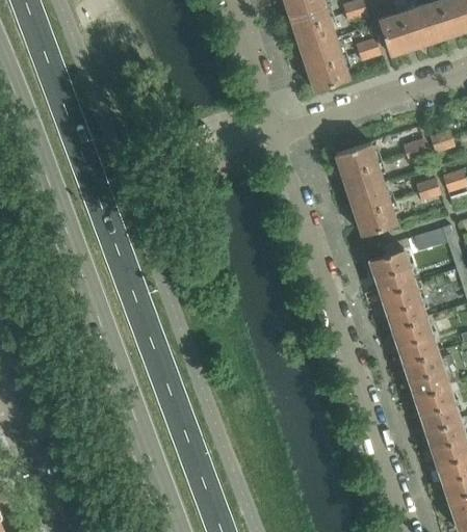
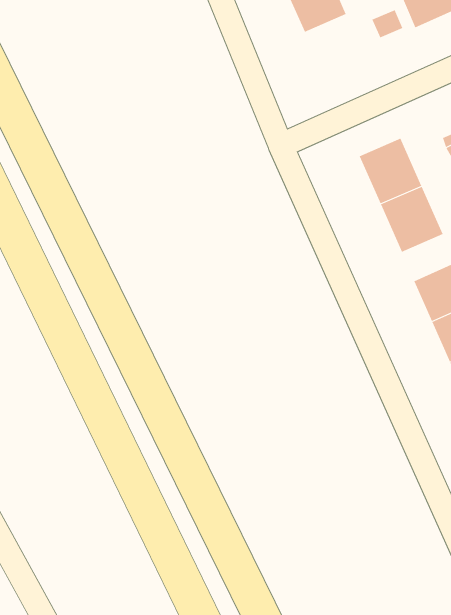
building: [301,38,349,90] -> none

